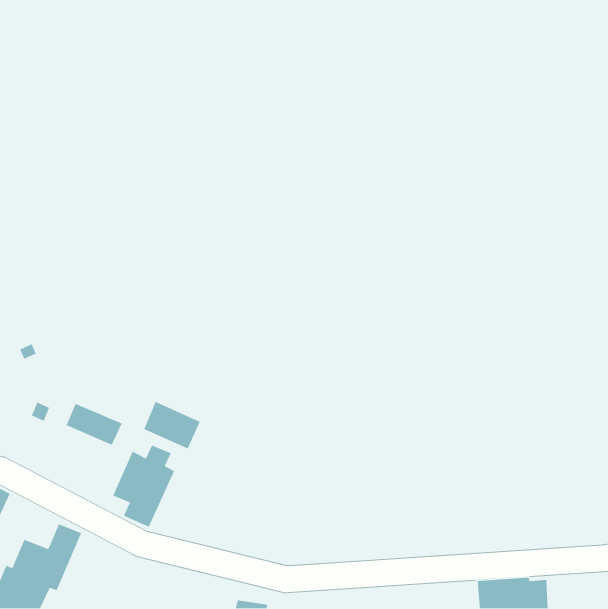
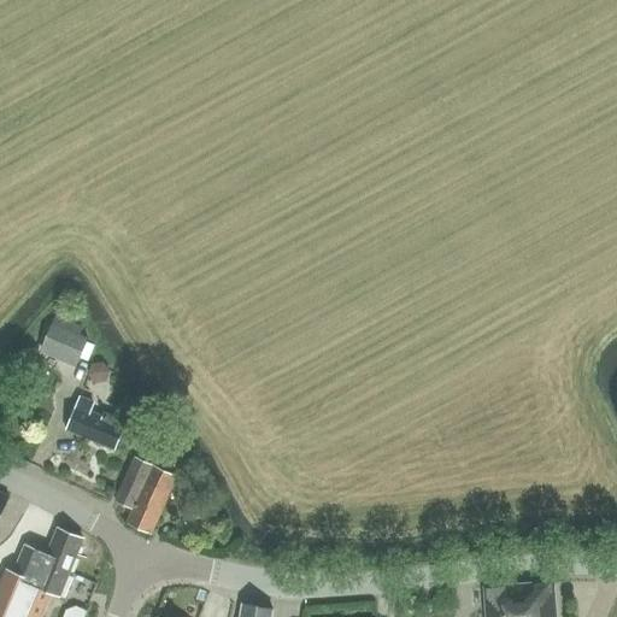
building: none -> [39,322,87,363]
building: [143,401,201,449] -> none

